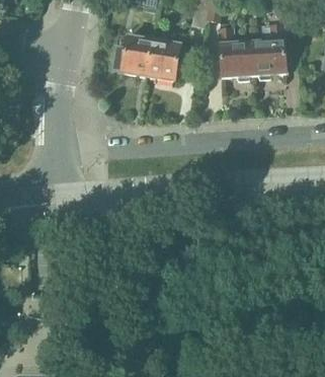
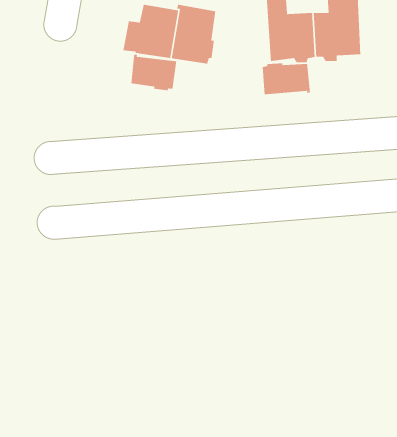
building: none -> [130,54,177,91]
building: none -> [262,63,311,95]

